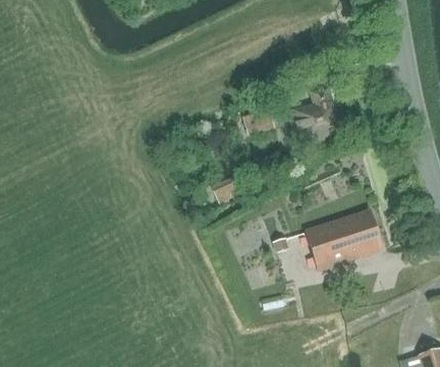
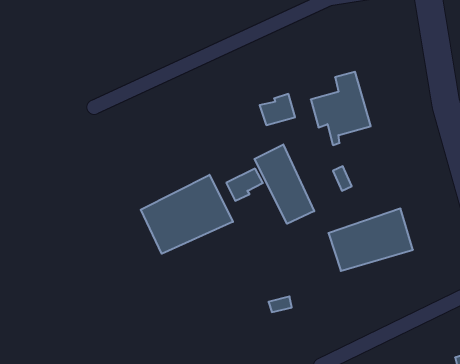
building: none -> [254,144,314,224]
building: none -> [141,175,233,254]

